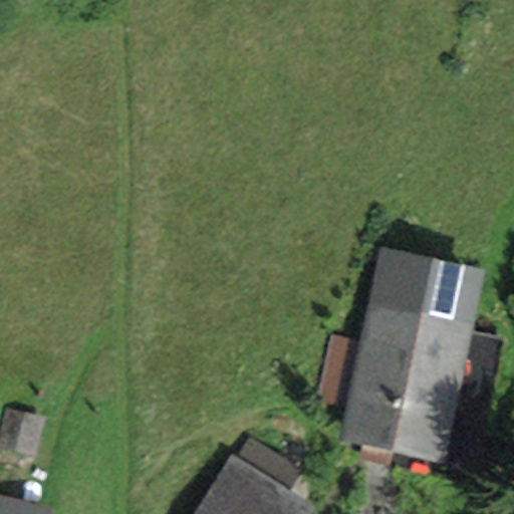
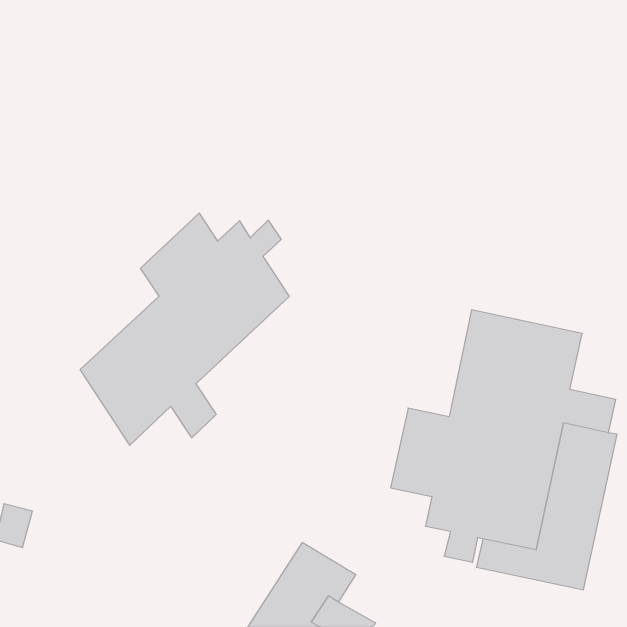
building: none -> [80,213,289,445]

